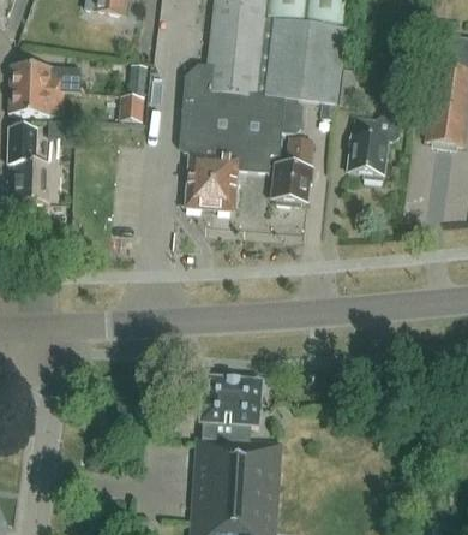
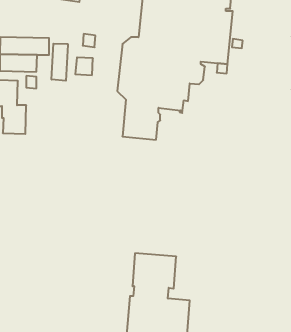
building: none -> [52,44,68,81]
building: [349,113,402,179] -> none
building: [274,136,314,203] -> none

